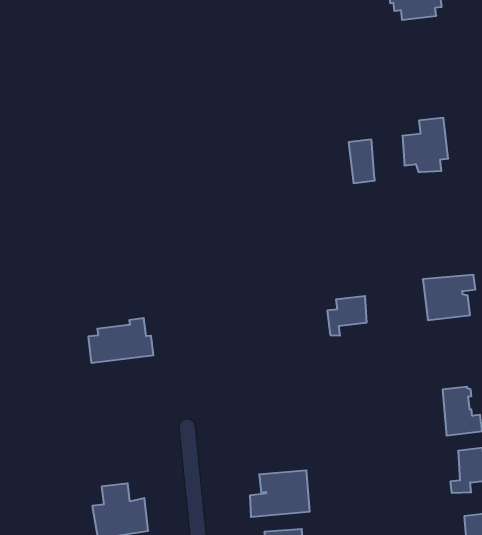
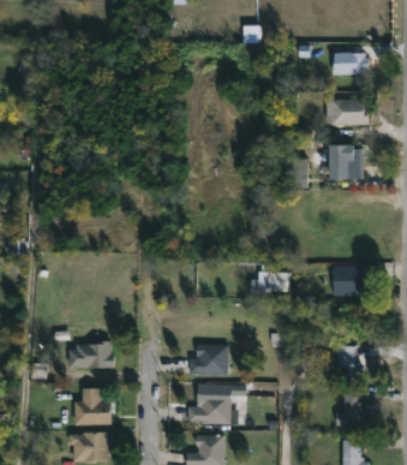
building: none -> [328,100,371,125]
building: [88,318,153,363] -> [68,340,114,368]
building: none -> [190,342,228,374]

